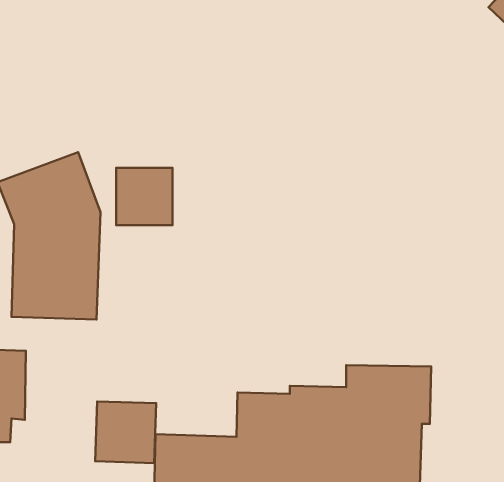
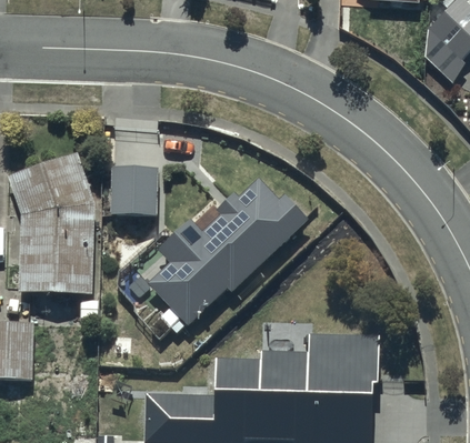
building: none -> [147,177,307,325]
building: [95,401,156,463] -> none

